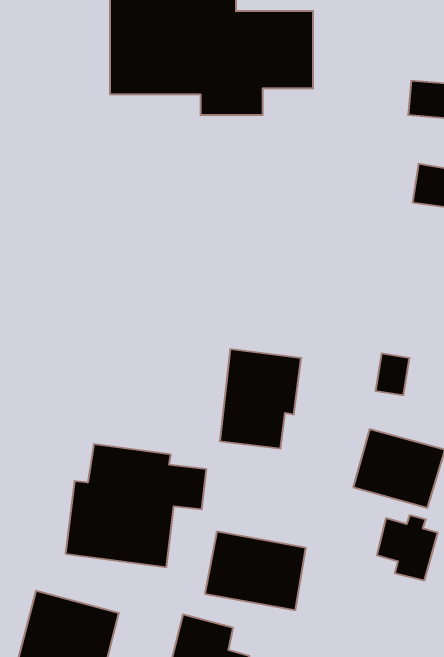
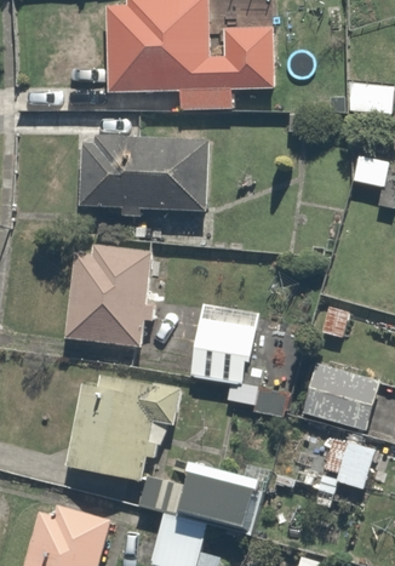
building: none -> [80,142,206,218]
building: none -> [68,246,153,344]

